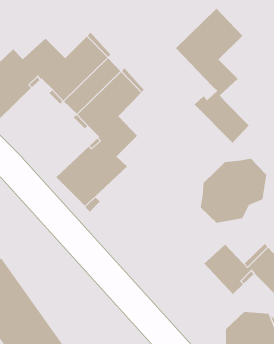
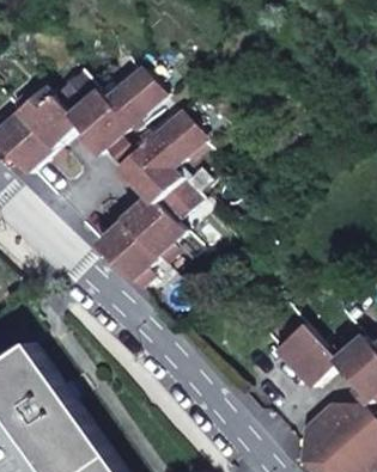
building: [175,8,250,144] -> none
building: [200,158,267,224] -> none

